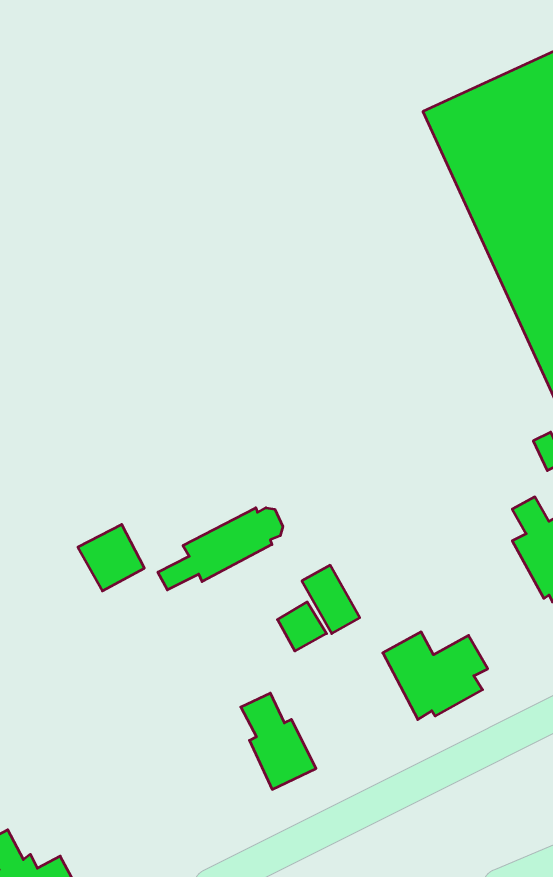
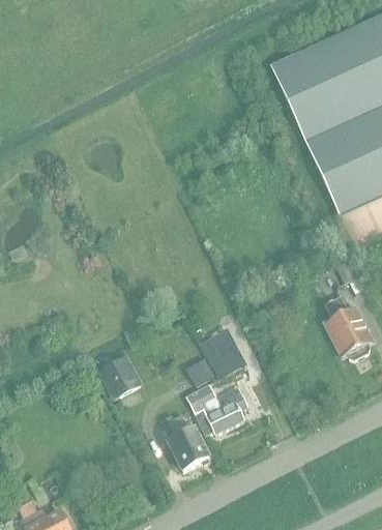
building: [158,508,283,590] -> none
building: [78,524,144,591] -> [99,356,139,395]
building: [383,632,488,720] -> [185,381,247,433]

